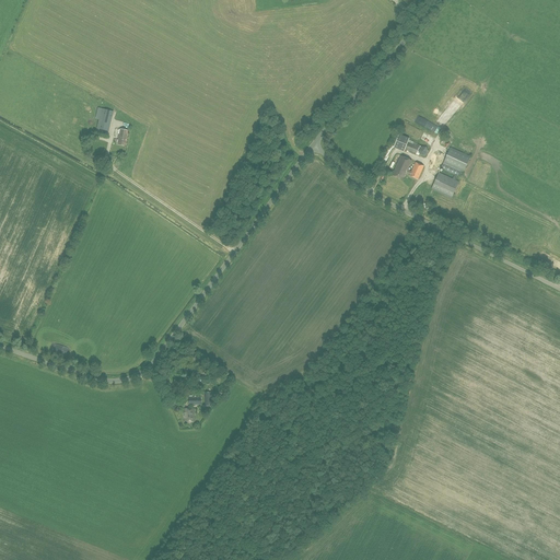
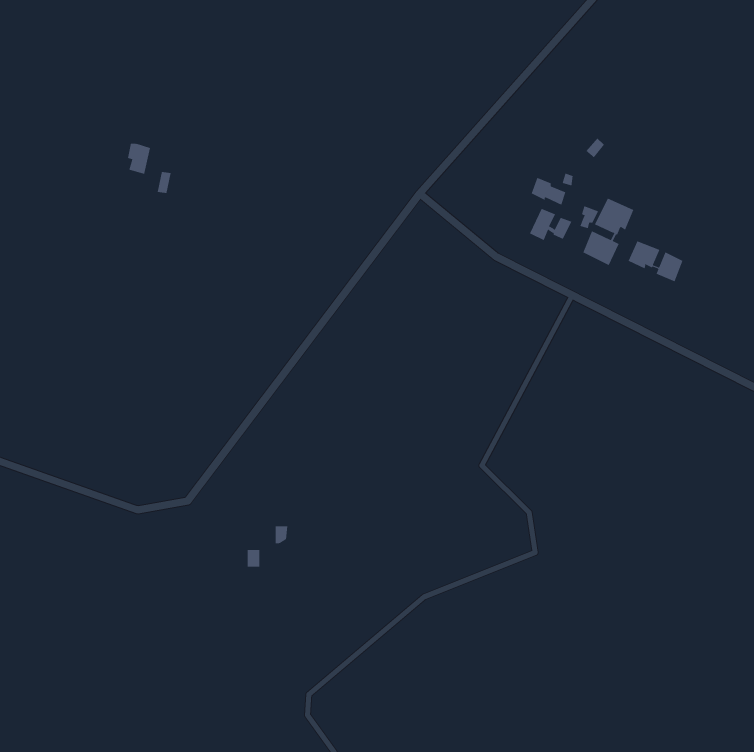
building: none -> [628,240,683,282]

